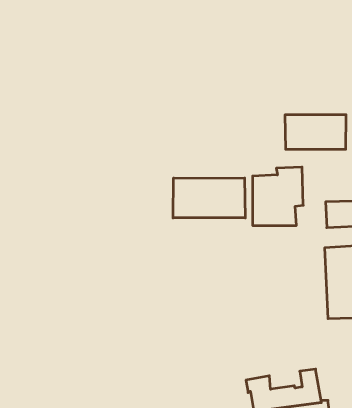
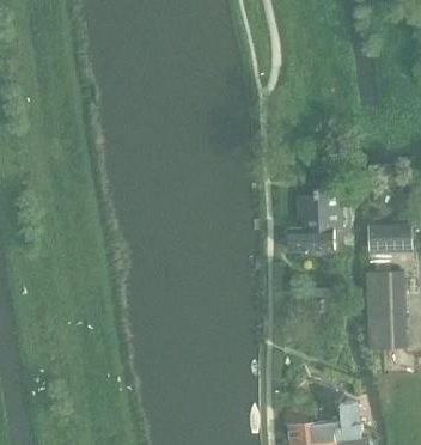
building: [285,115,346,149] -> none
building: [173,178,245,218] -> none

